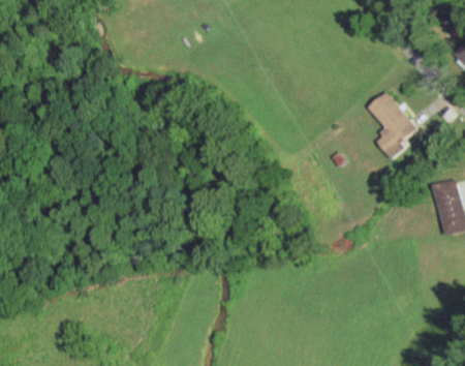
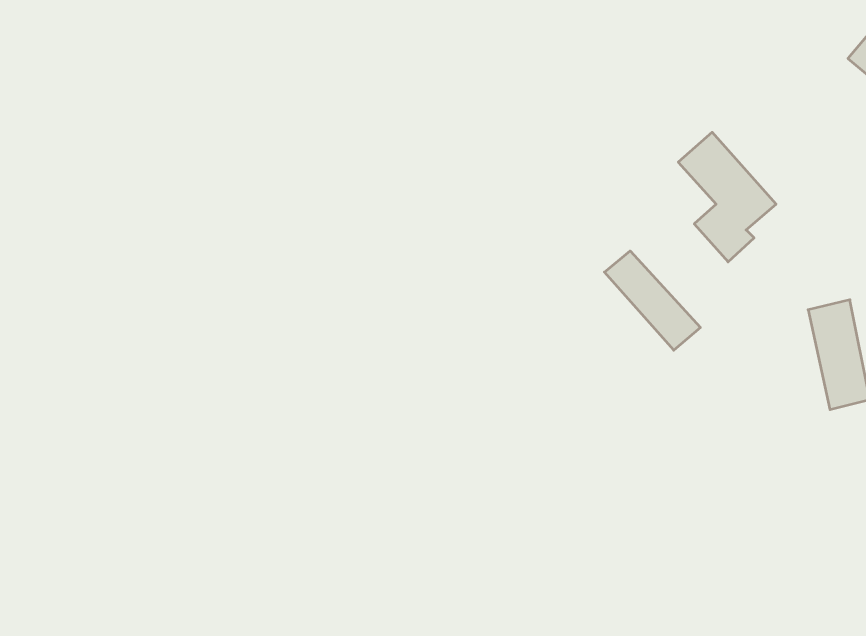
building: none -> [604,251,700,350]

